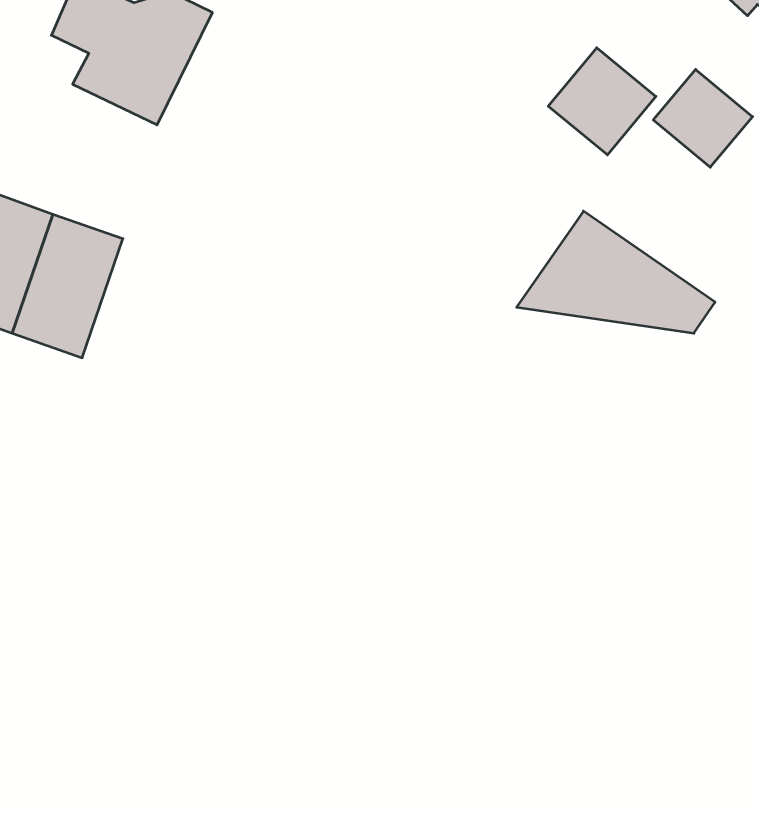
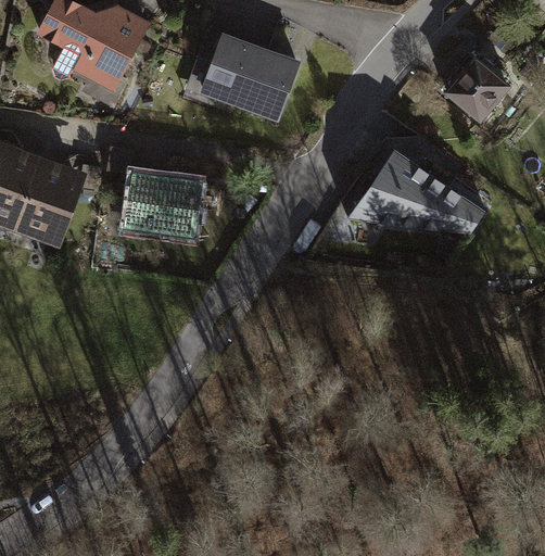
building: none -> [187,30,301,119]
building: [548,48,656,155] -> none
building: none -> [125,174,203,238]

